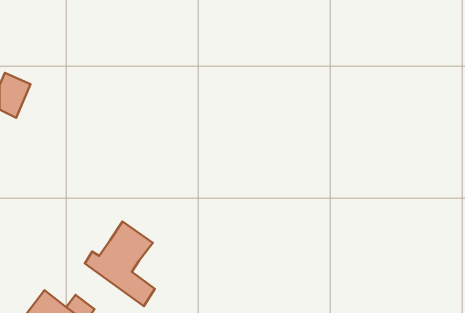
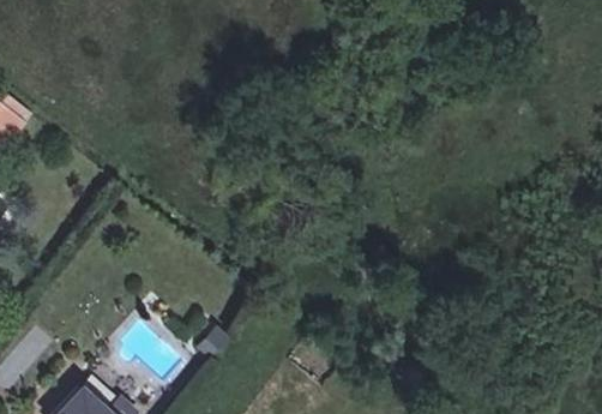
building: [85,222,155,306] -> none

